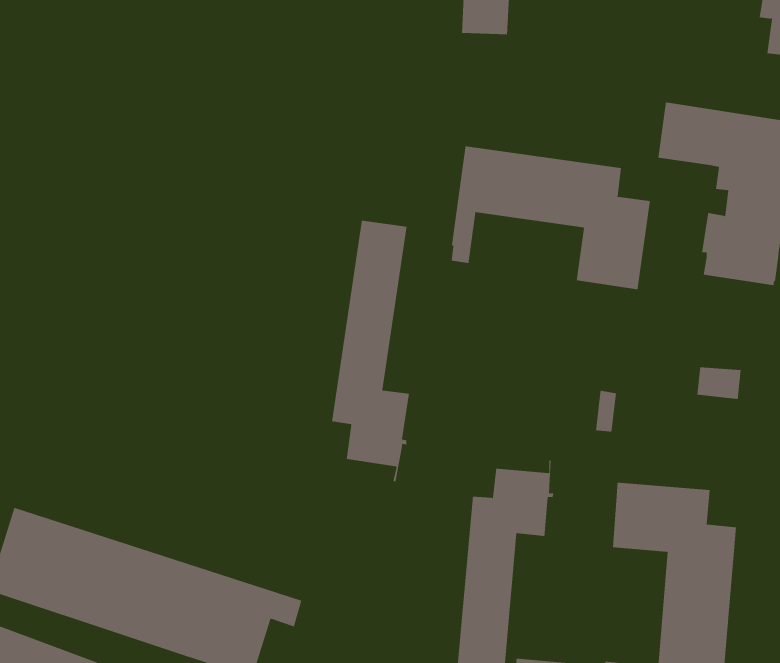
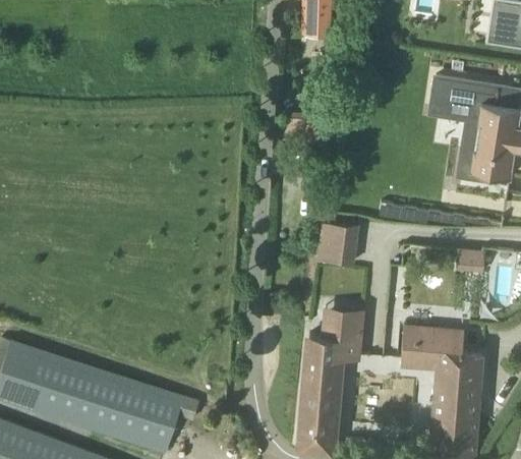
building: [451,146,651,290] -> none
building: [332,220,410,482] -> none
building: none -> [319,218,359,263]

